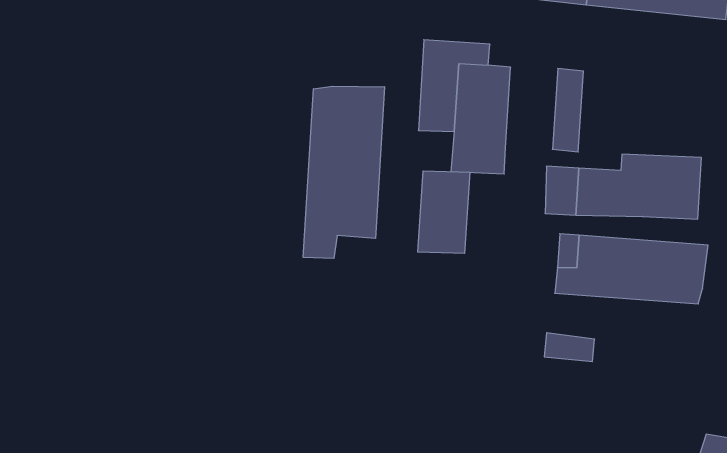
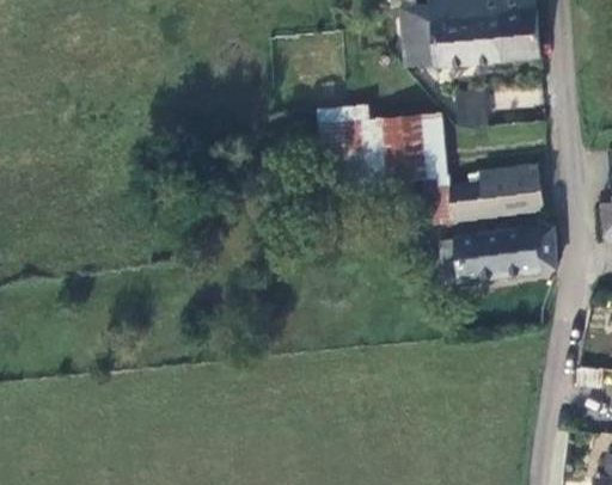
building: [303,86,384,258] -> none
building: [418,171,470,253] -> [387,116,428,180]

